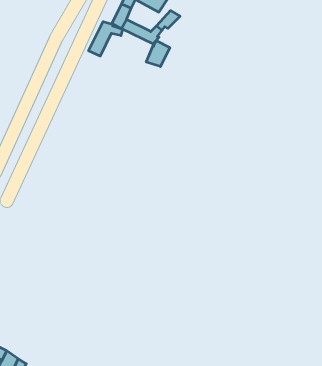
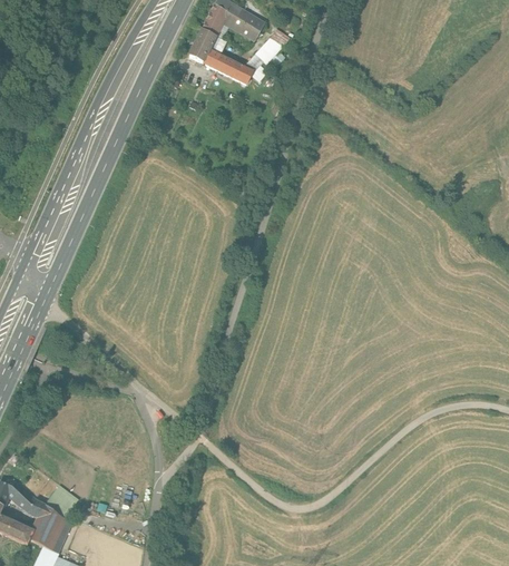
building: [89,22,122,56] -> none
building: [146,41,170,67] -> none

